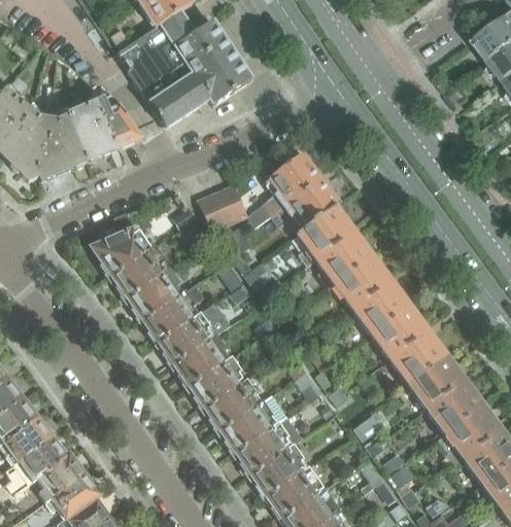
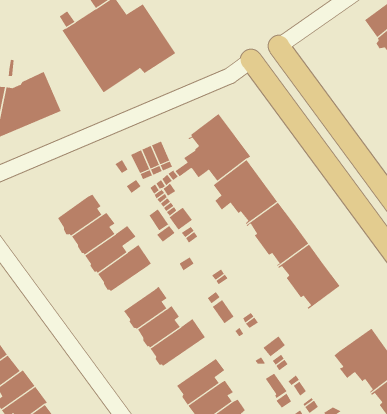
building: [95,95,141,148] -> none
building: [92,226,146,275] -> none
building: [173,333,226,385] -> none
building: [408,355,483,432] -> none
building: [235,416,302,473] -> none

